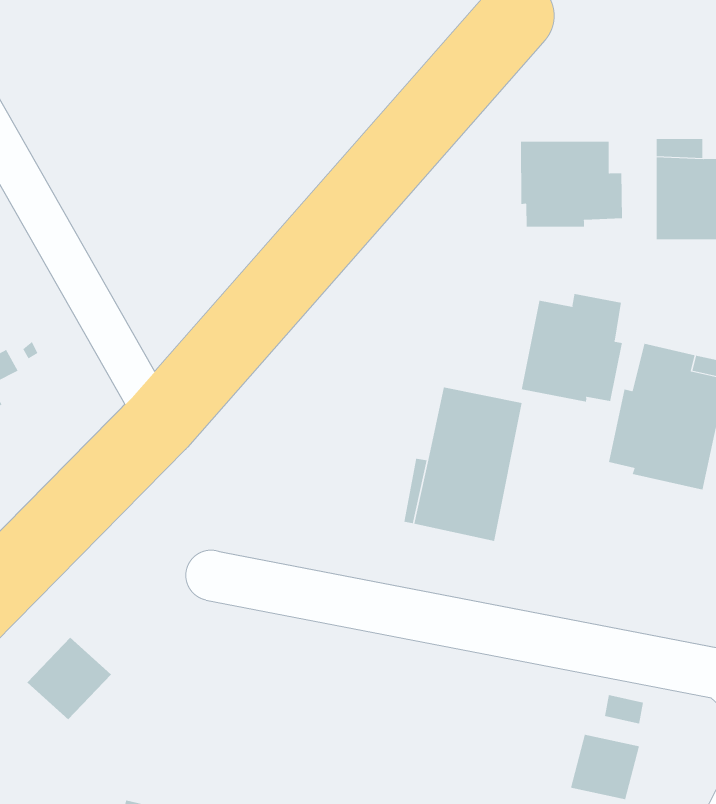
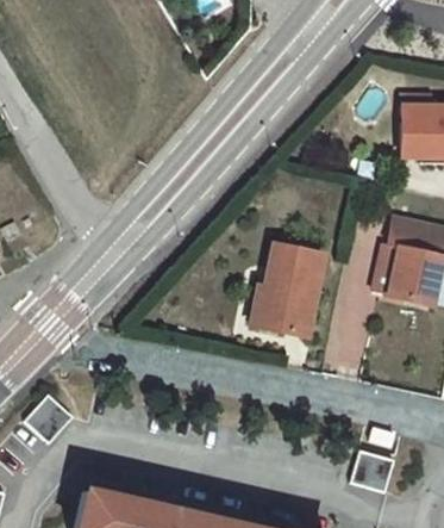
building: [521,141,623,228] -> none
building: [521,293,622,402] -> none

